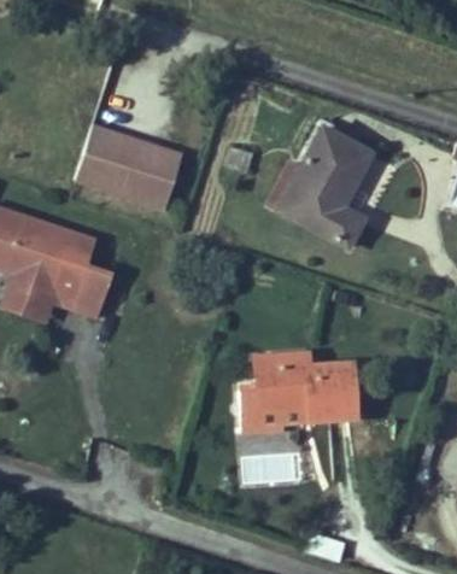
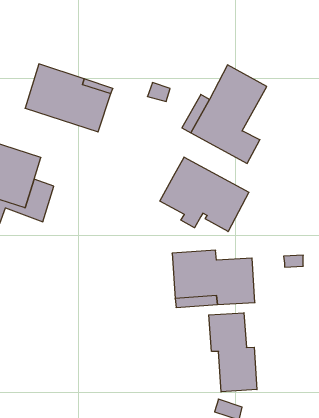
building: none -> [160,157,249,232]
building: none -> [209,313,257,392]

